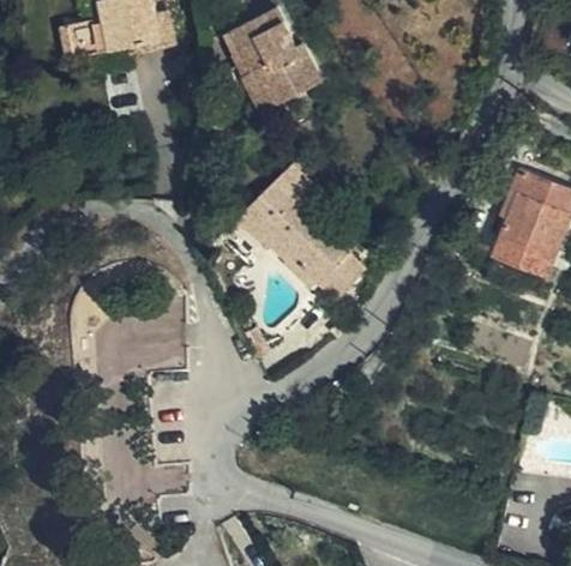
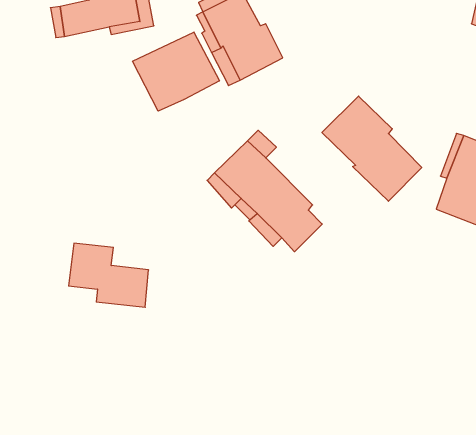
building: none -> [133,32,219,111]
building: none -> [322,96,422,201]

